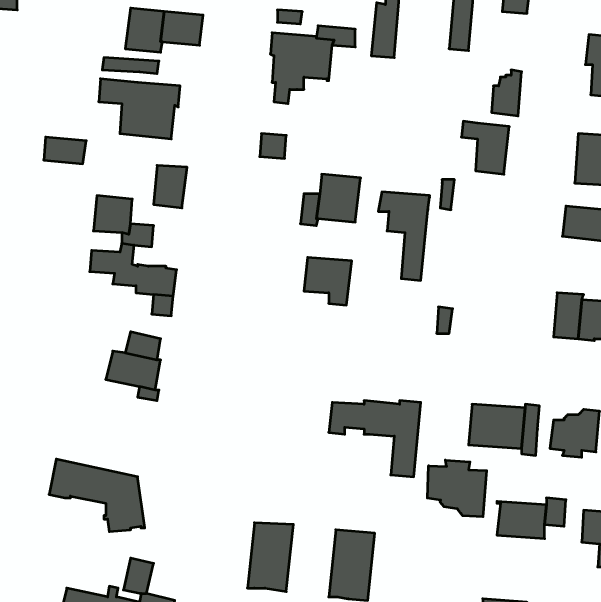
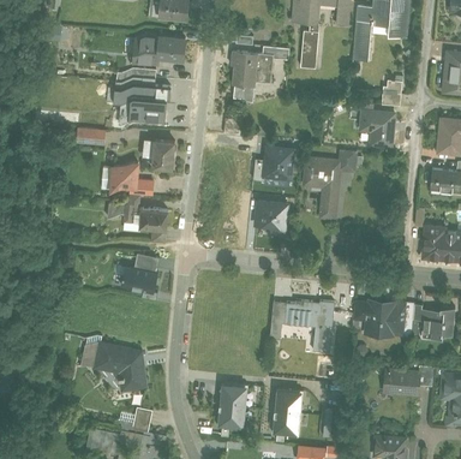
building: [427,460,487,517] -> none

